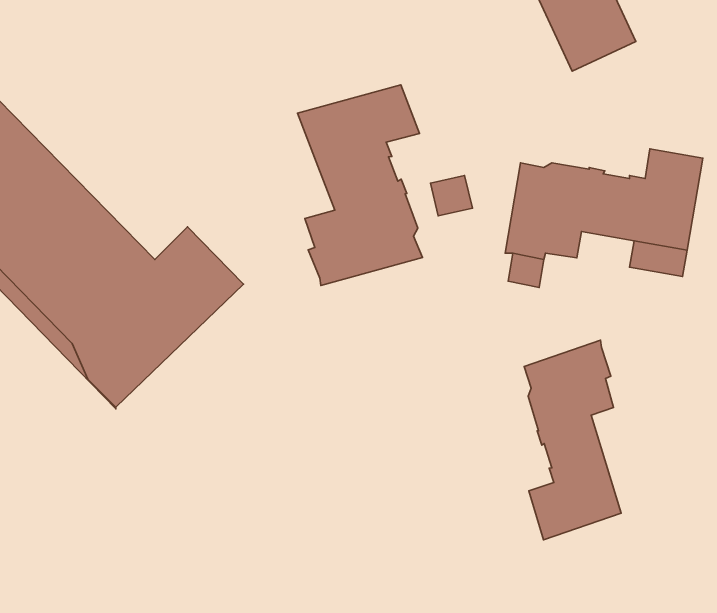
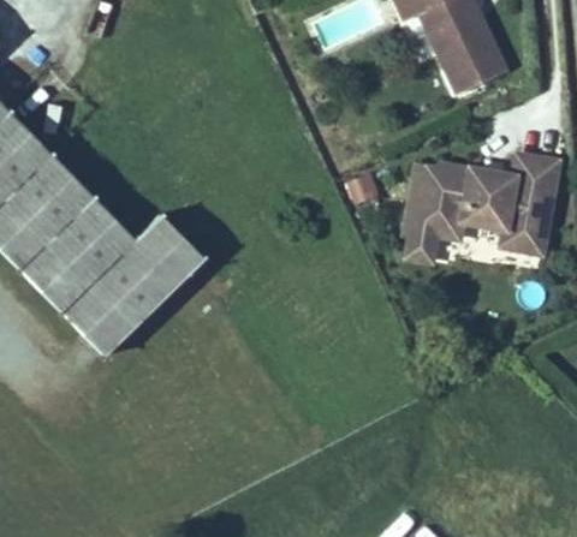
building: [298,85,422,286] -> none
building: [524,340,621,540] -> none

